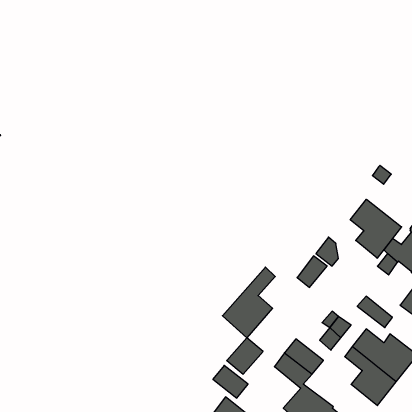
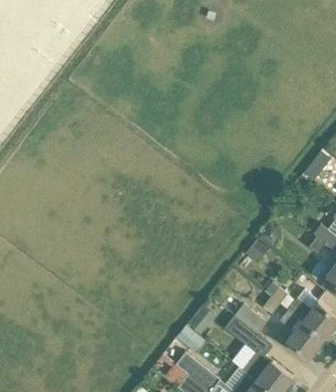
building: [350,199,402,258] -> none
building: [222,267,275,338] -> none

